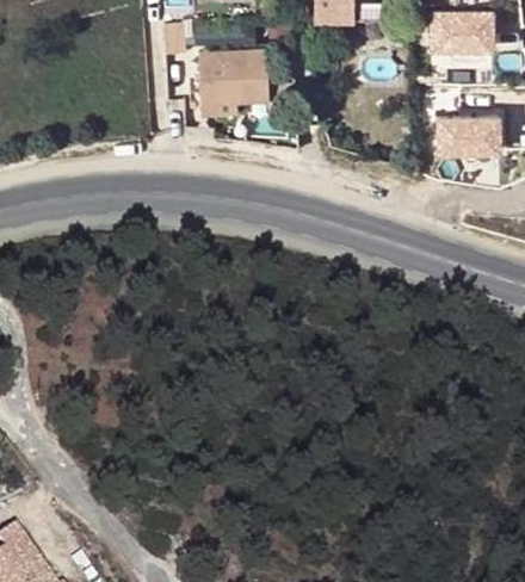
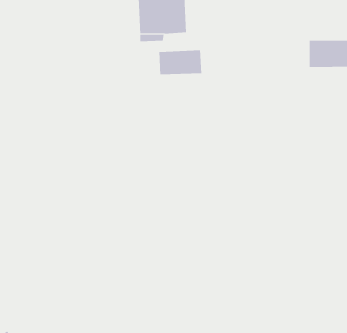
building: none -> [159,50,202,75]

